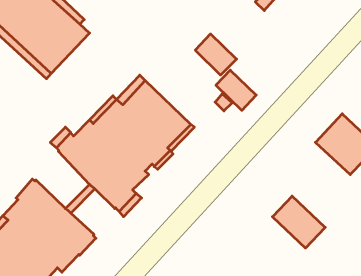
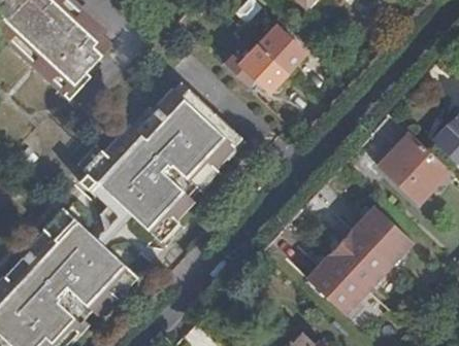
building: [216,70,256,110] -> [258,25,304,71]
building: none -> [352,205,412,265]
building: none -> [305,252,367,314]

